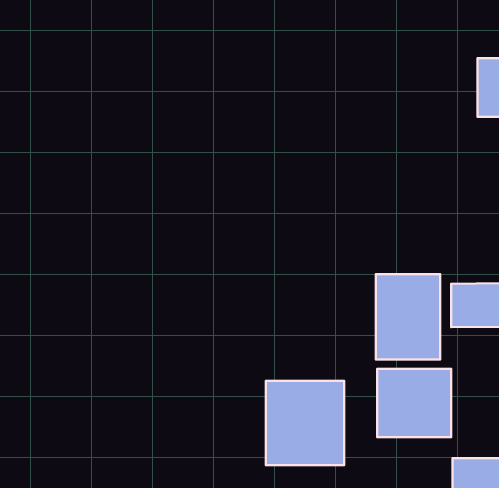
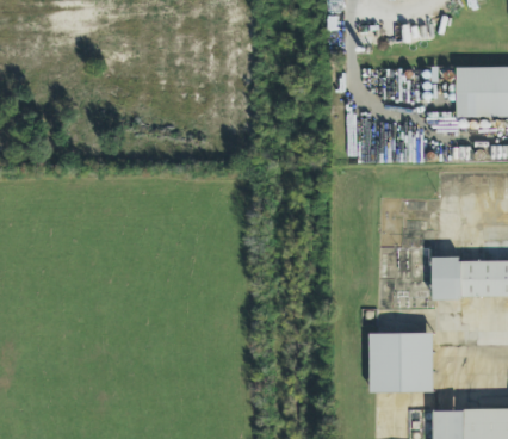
building: [376,274,440,360] -> none
building: [266,381,344,465] -> none

